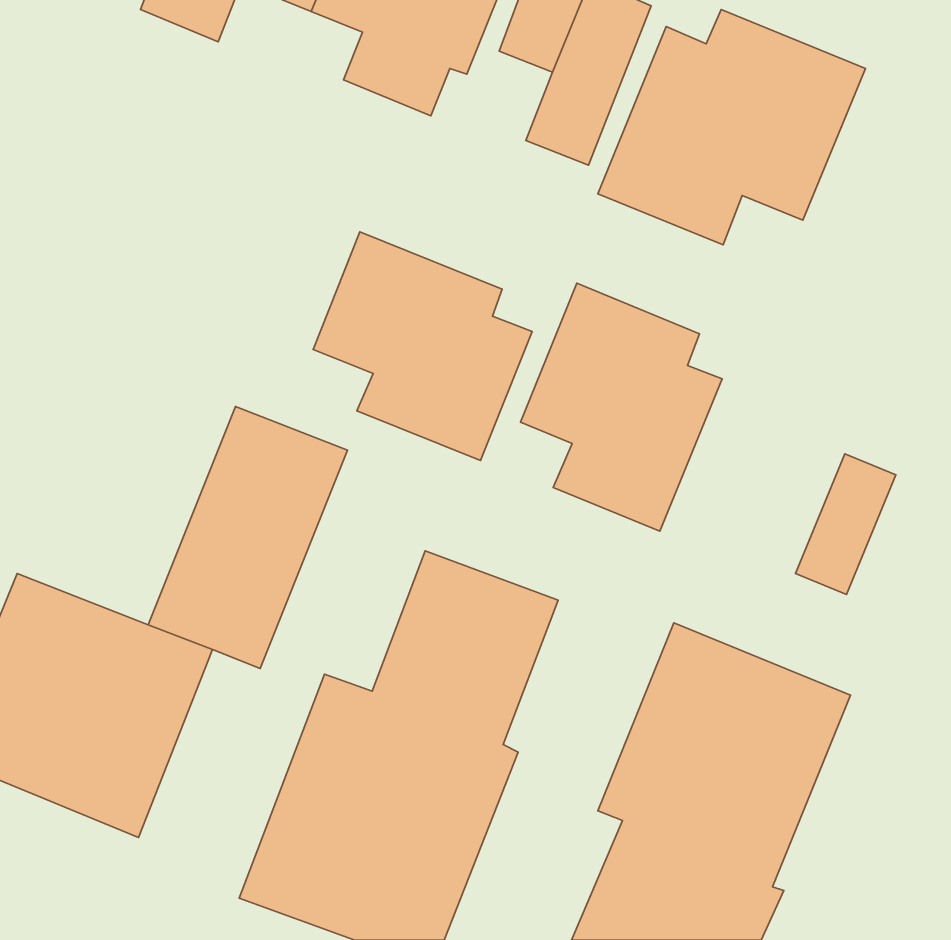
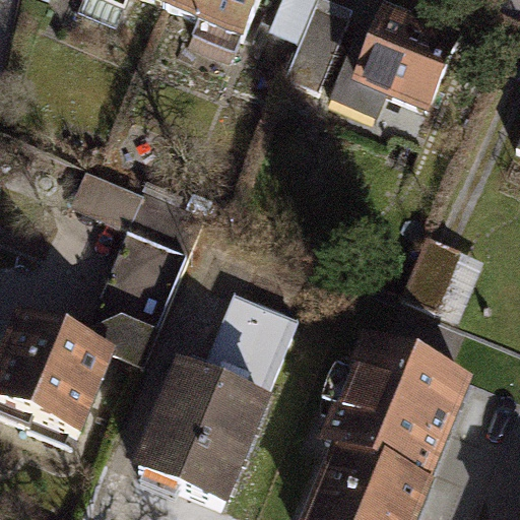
building: [313,232,532,460] -> none
building: [521,283,722,531] -> none

